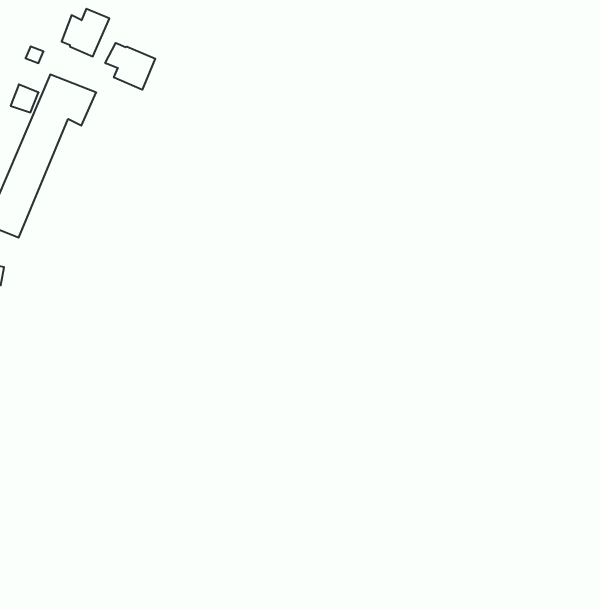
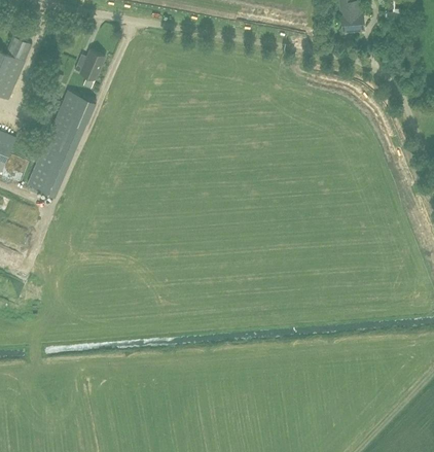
building: [105,43,155,90] -> none

